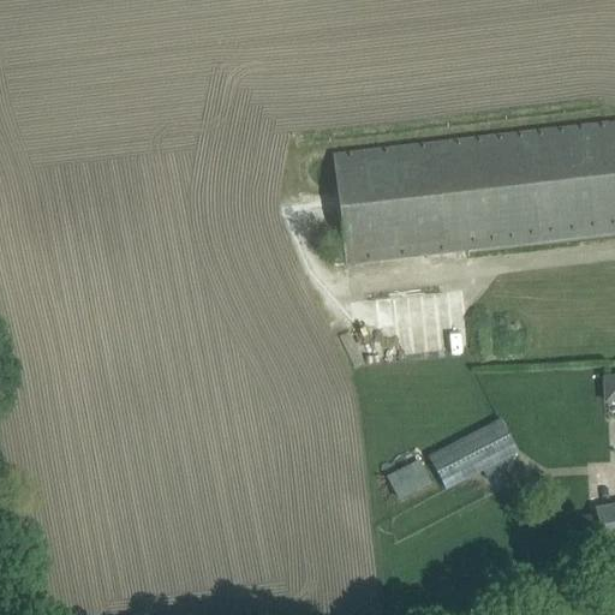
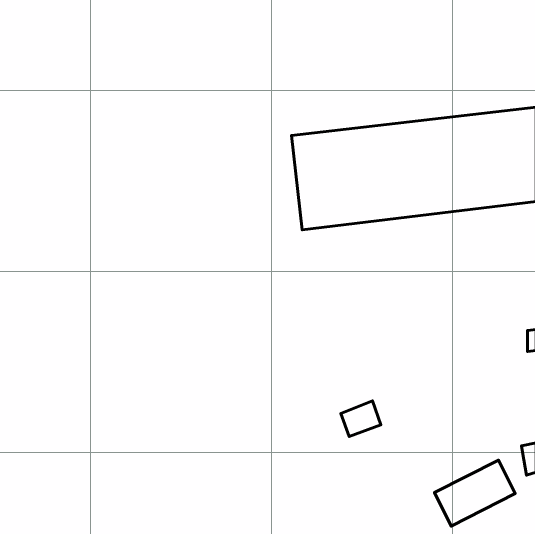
building: [429,416,521,491] -> [434,460,515,526]

